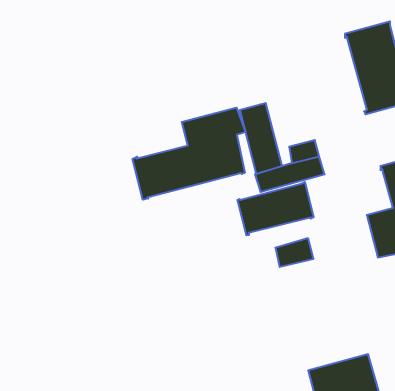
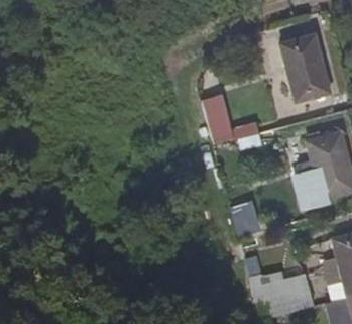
building: [133,108,246,200] -> none
building: [237,182,314,235] -> none

